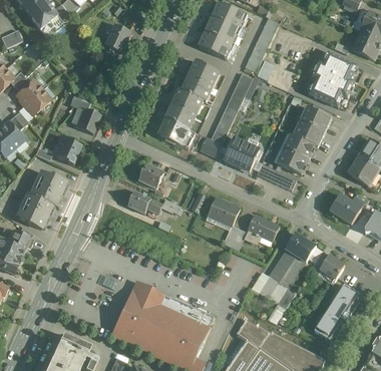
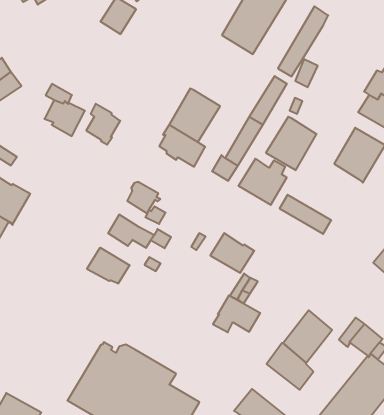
building: [181,60,219,100] -> none
building: [277,133,314,173] -> [266,117,317,170]
building: [55,134,80,164] -> [86,104,120,145]
building: [244,214,279,242] -> [213,295,260,332]
building: none -> [87,248,130,284]
building: [285,233,315,261] -> none

